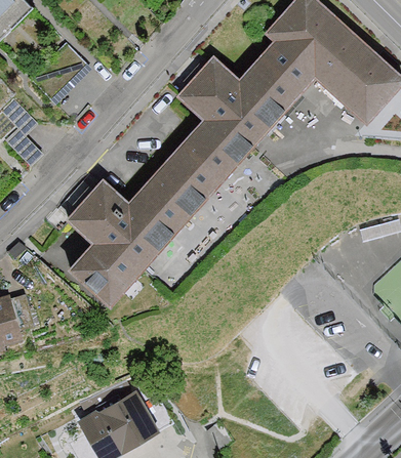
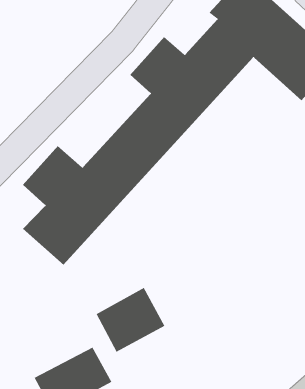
building: none -> [96,287,165,353]

